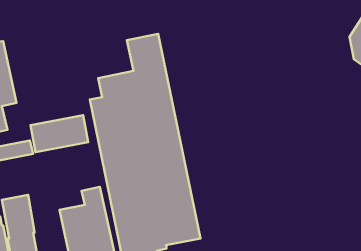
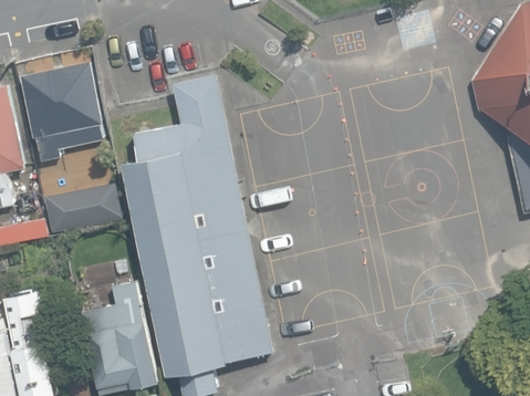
building: none -> [18,59,103,161]

